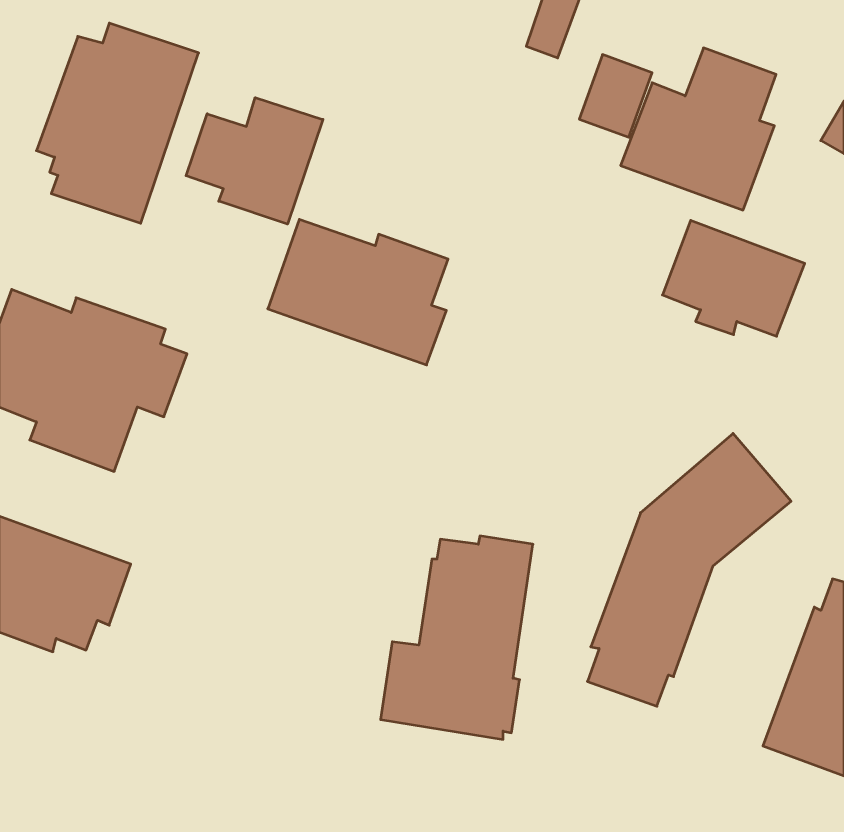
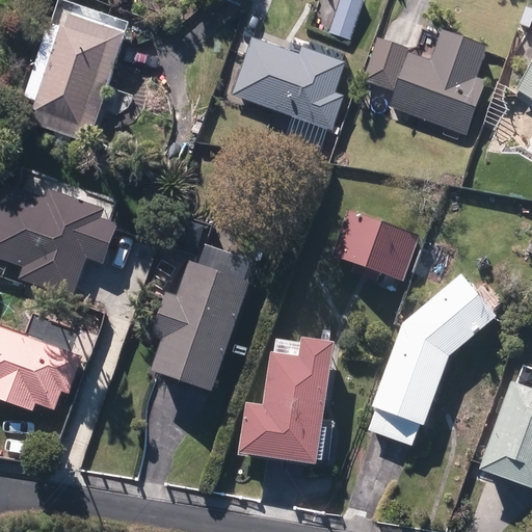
building: [186,98,323,224] -> none
building: [268,219,448,365] -> [233,36,346,128]
building: [662,220,805,336] -> [330,208,420,281]
building: none -> [151,214,252,393]

